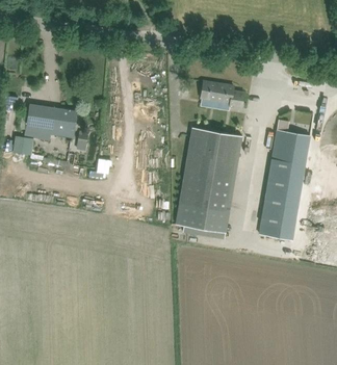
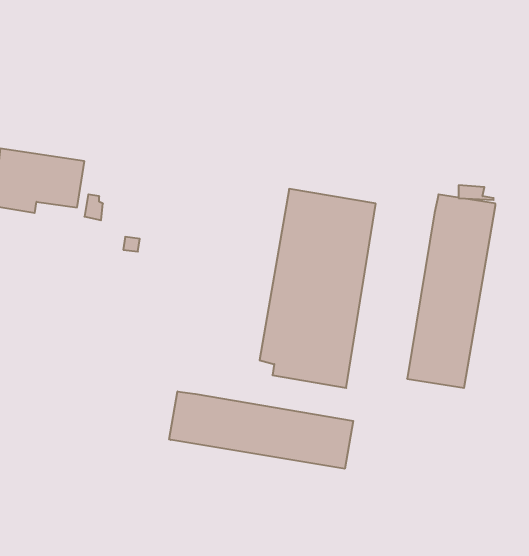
building: [201,81,243,108] -> none
building: none -> [169,391,353,469]

